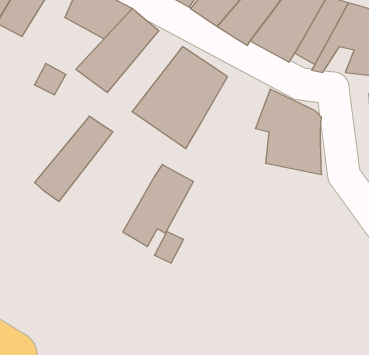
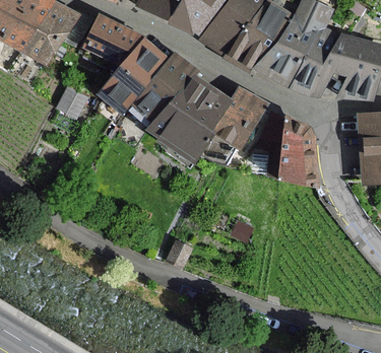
building: [34,116,113,201] -> [123,54,194,131]
building: [123,165,193,246] -> [203,88,267,162]

